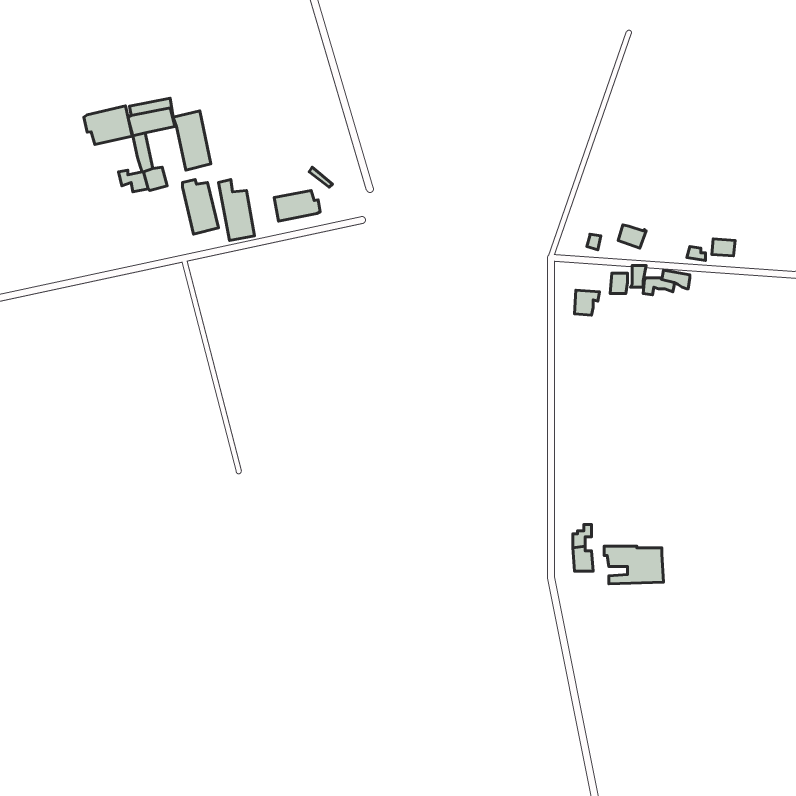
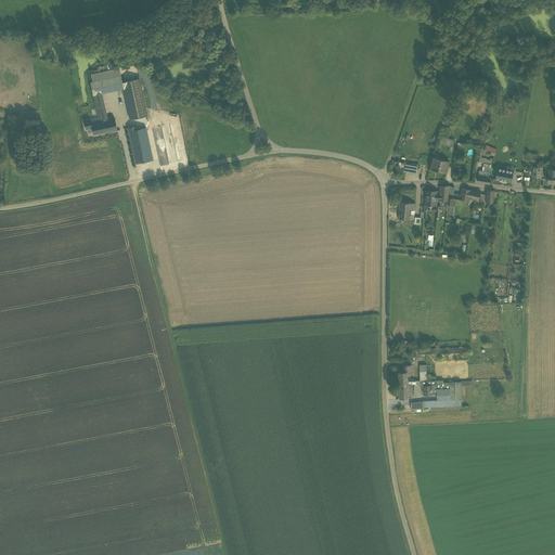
building: [84,106,132,144] -> none
building: [274,190,320,221] -> none

